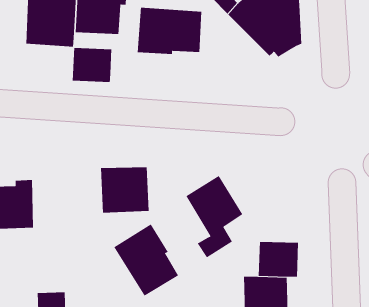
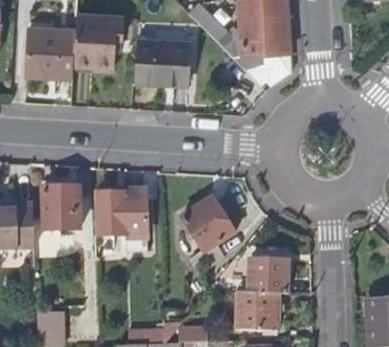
building: [72,47,112,83] -> none
building: none -> [42,190,80,232]
building: [114,223,179,296] -> none

